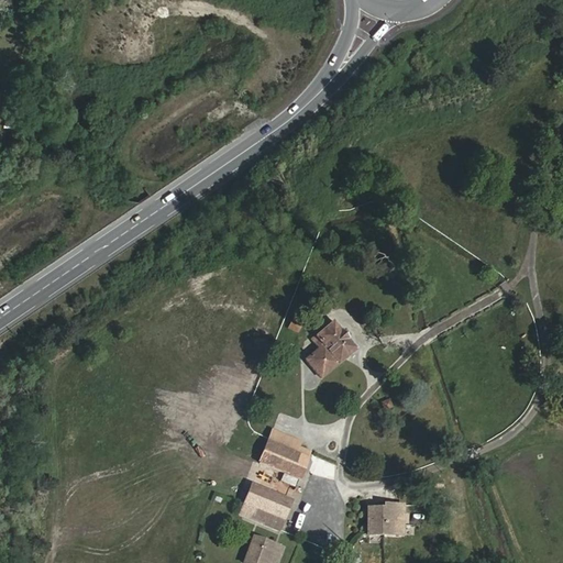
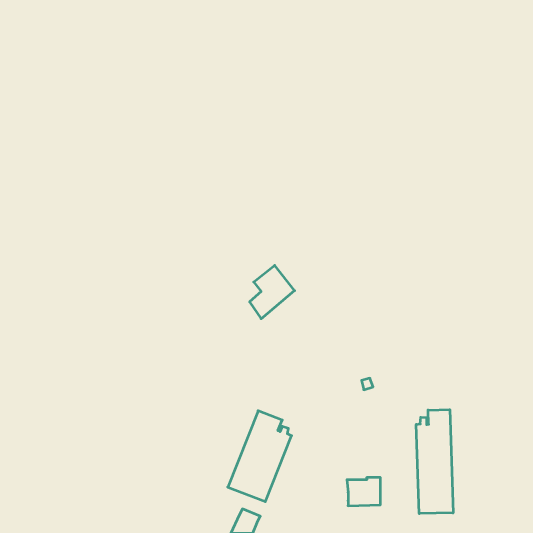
building: [309,320,356,376] -> [250,265,295,319]
building: none -> [416,410,453,514]

